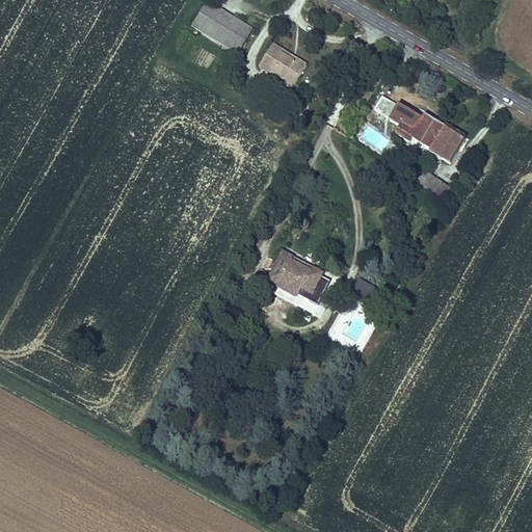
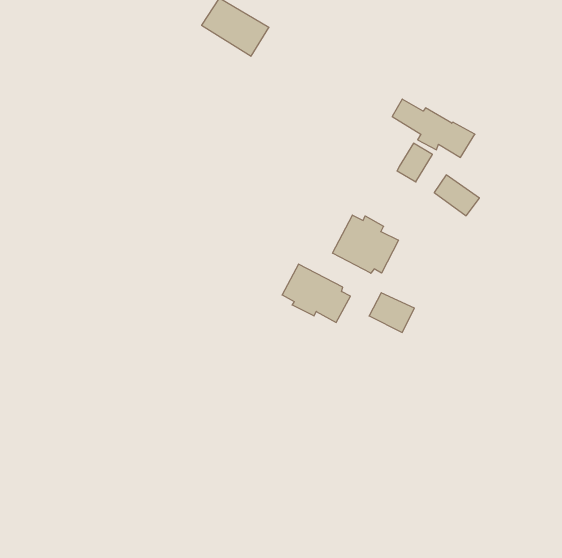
building: [258,41,307,86] -> none
building: [432,127,466,163] -> [397,143,432,182]
building: none -> [333,215,398,273]

